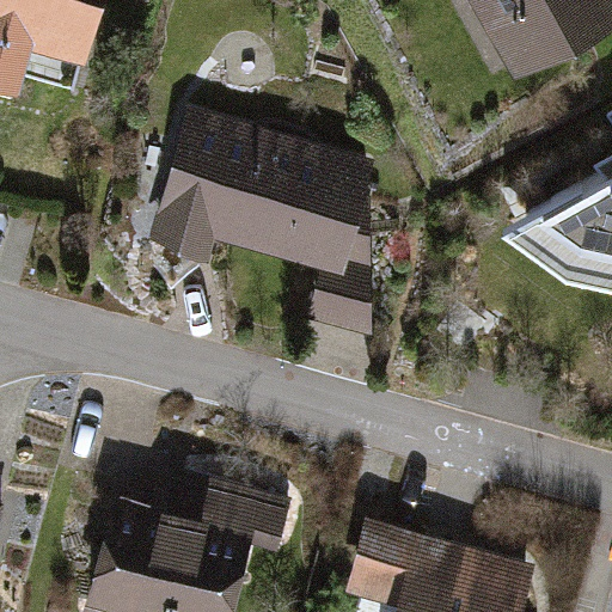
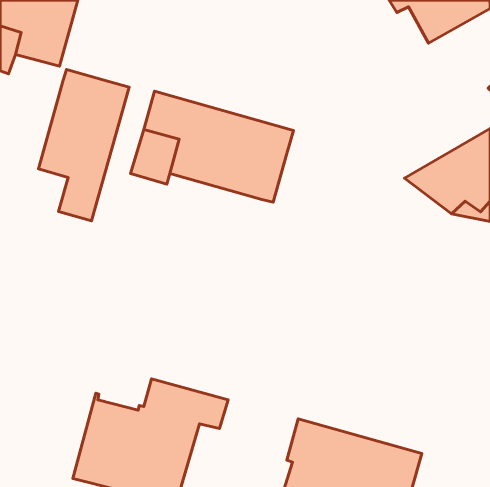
building: none -> [38,69,129,221]
building: [308,195,372,332] -> none

